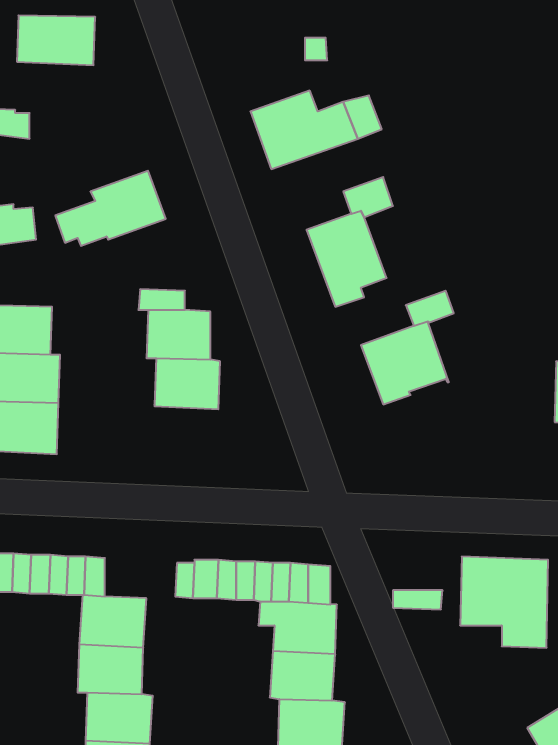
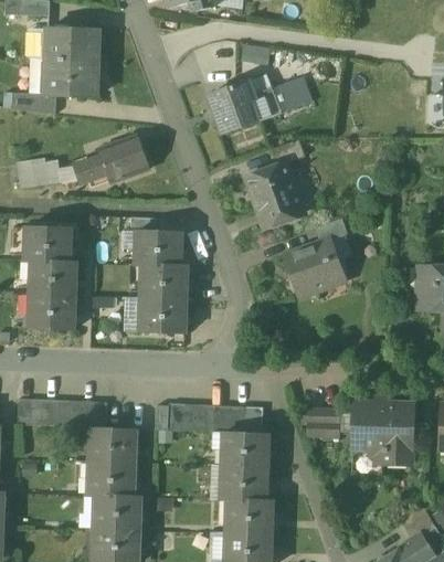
building: none -> [45,60,99,96]
building: none -> [128,296,186,333]
building: none -> [299,406,340,424]

